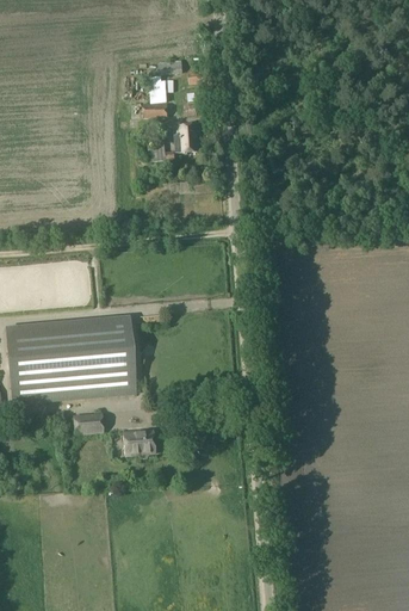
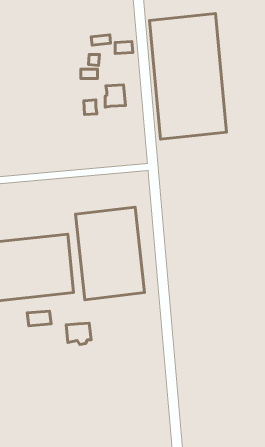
building: none -> [150,13,226,139]
building: none -> [76,207,144,300]

